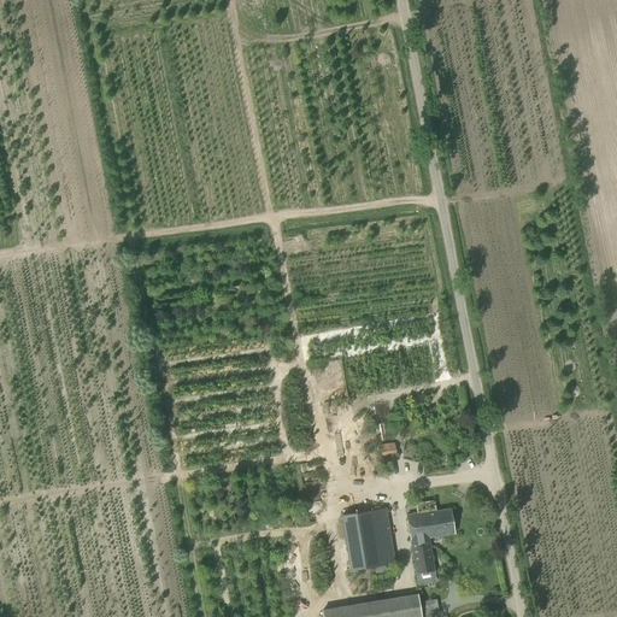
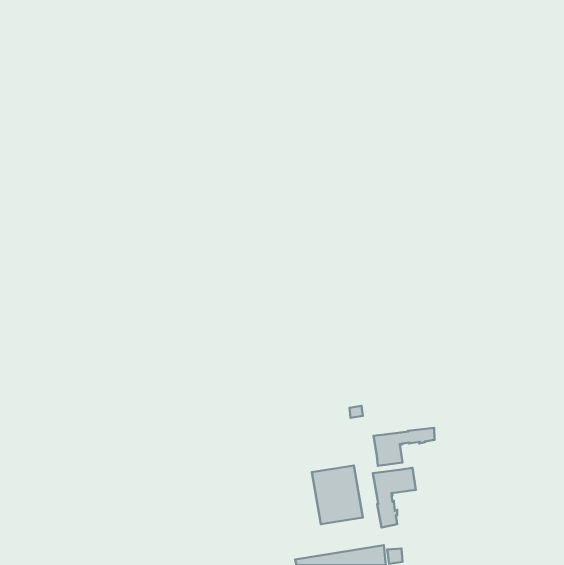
building: none -> [373,428,435,466]

